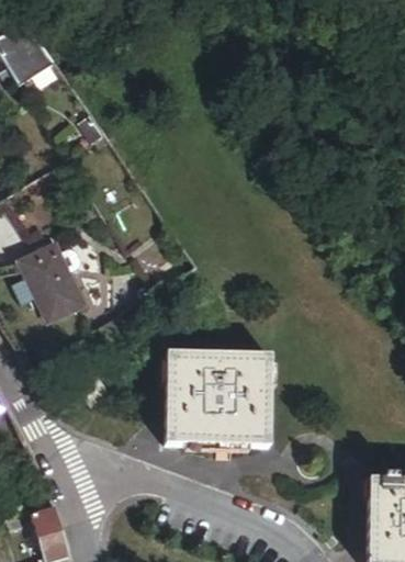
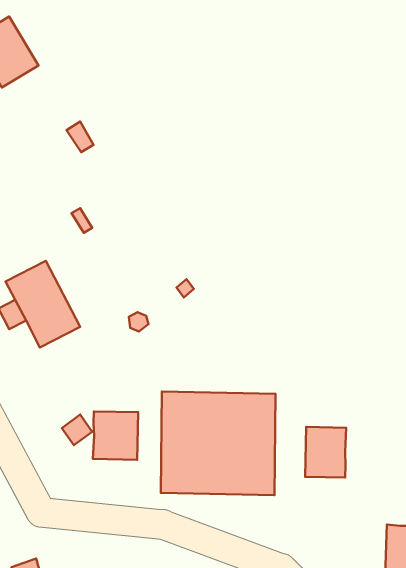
building: none -> [93,411,138,460]
building: none -> [305,427,346,478]

